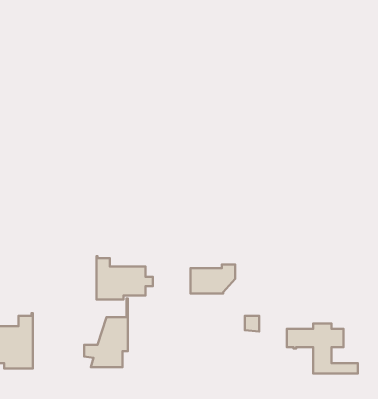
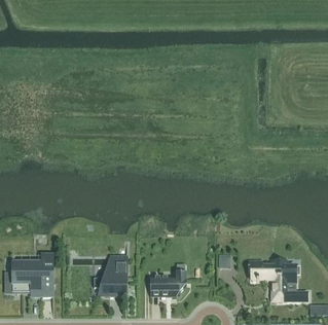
building: [96,256,153,300] -> none
building: [190,264,235,293] -> [151,273,186,295]

